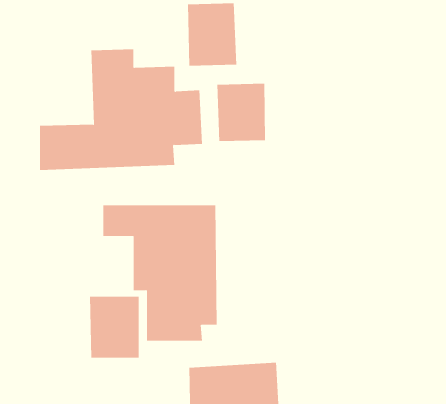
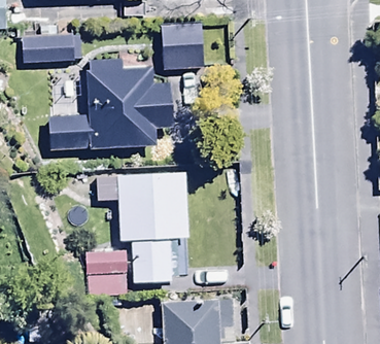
building: none -> [22,23,81,62]
building: [217,83,265,142] -> none

